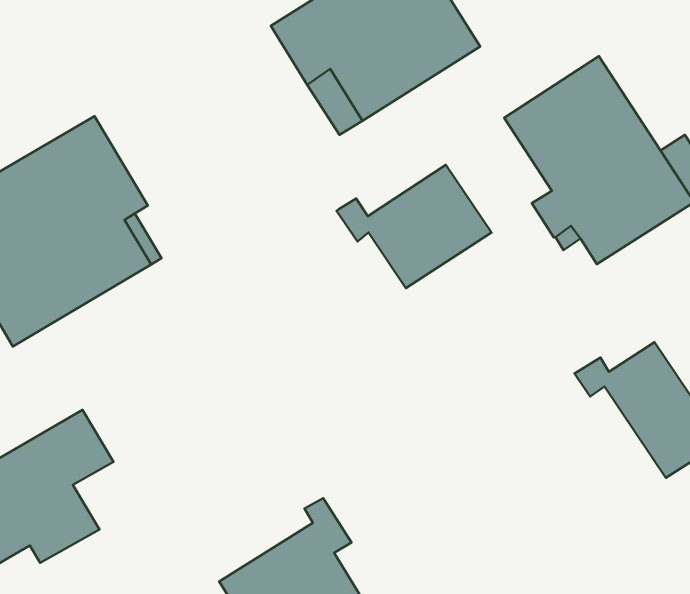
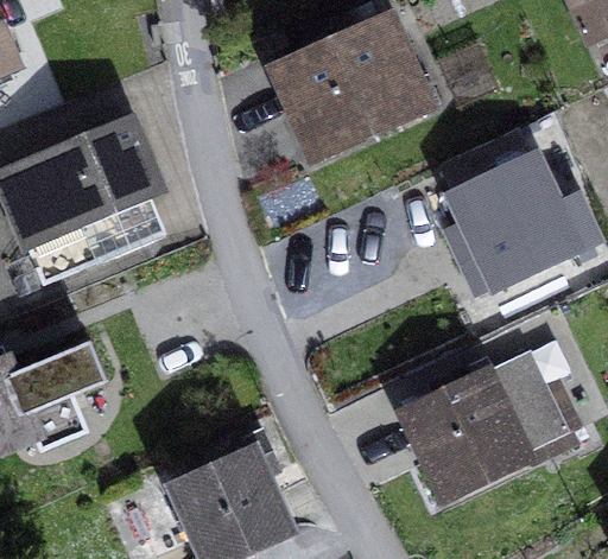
building: [336,165,491,288] -> none
building: none -> [407,370,524,495]

